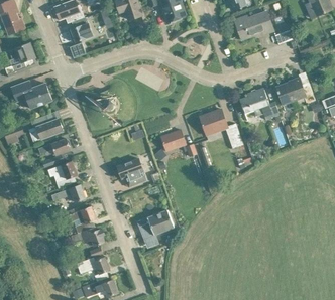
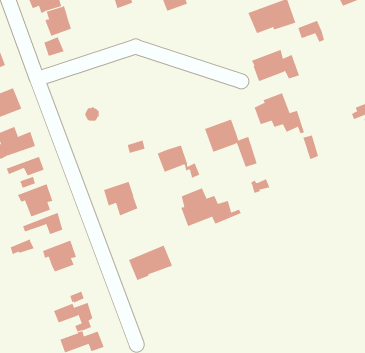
building: [275,78,315,104] -> [251,49,300,82]
building: none -> [181,187,242,227]
building: [71,227,105,245] -> none

